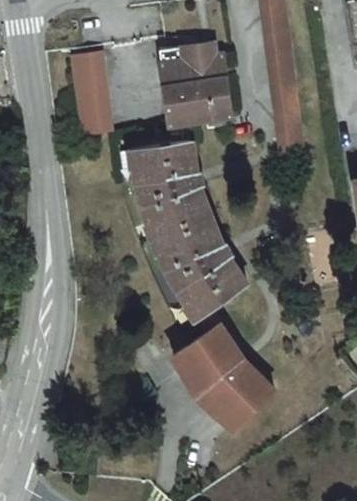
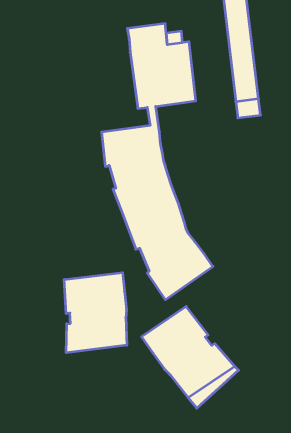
building: [73,52,111,135] -> none
building: none -> [64,273,127,353]

